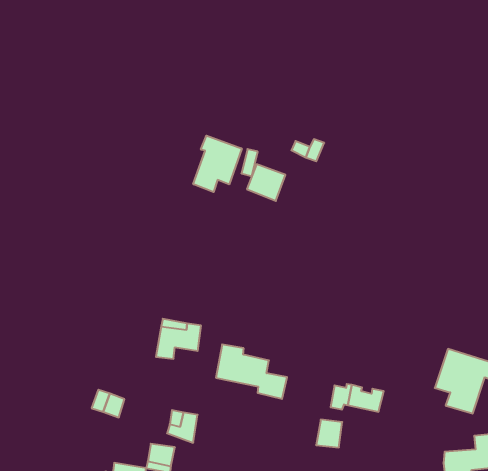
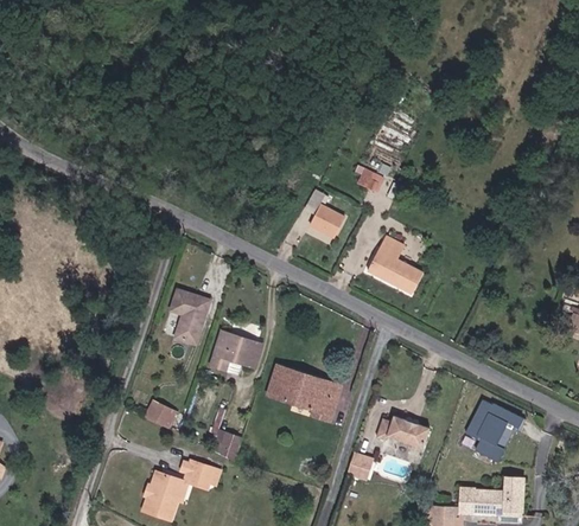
building: [193,136,242,192] -> none
building: none -> [364,239,421,300]
building: none -> [168,290,208,342]
building: none -> [292,371,336,403]

